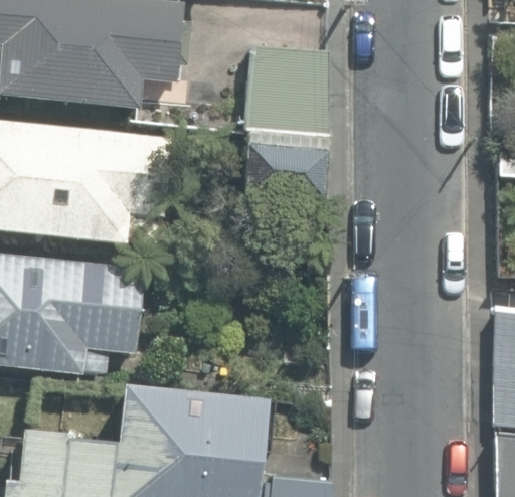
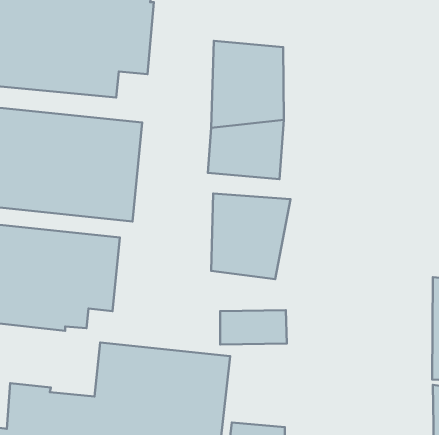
building: none -> [211,193,291,279]

